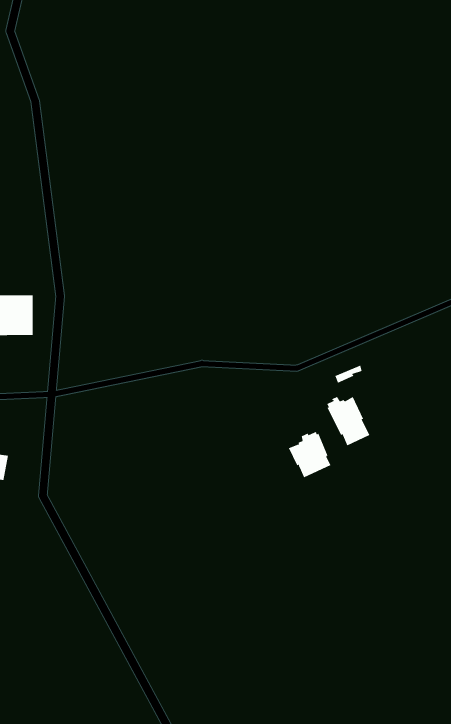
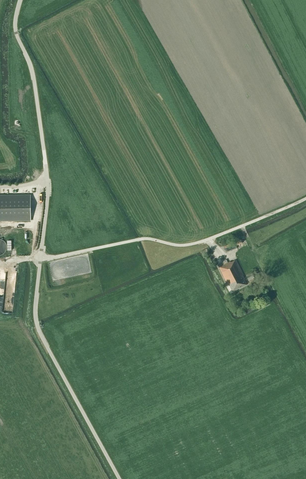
building: [288,431,331,478] -> none

